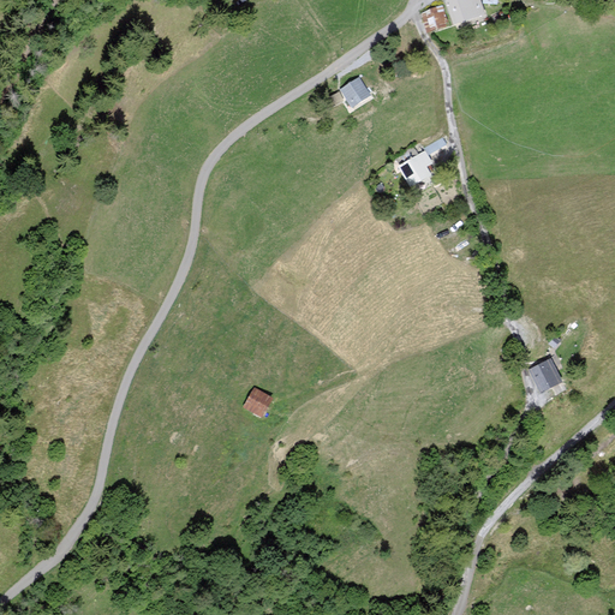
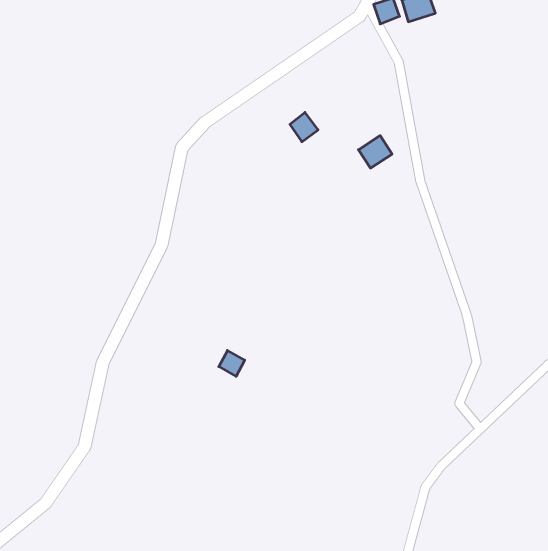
building: [339,76,370,108] -> [290,112,318,142]
building: [530,359,563,394] -> none

